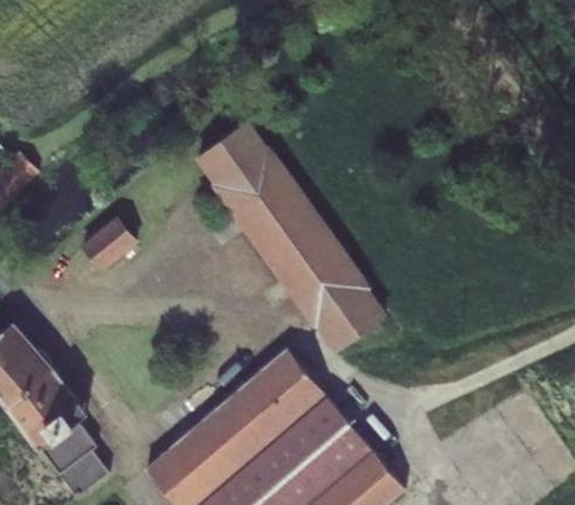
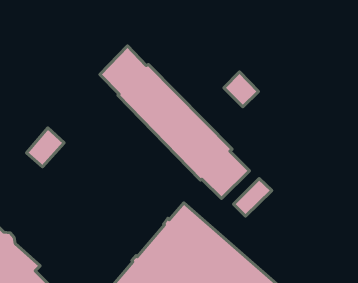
building: none -> [224,72,258,107]
building: none -> [233,178,272,216]

